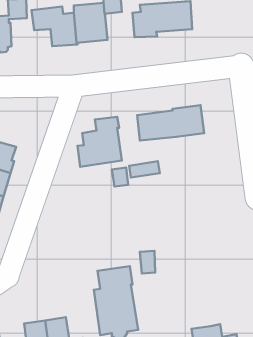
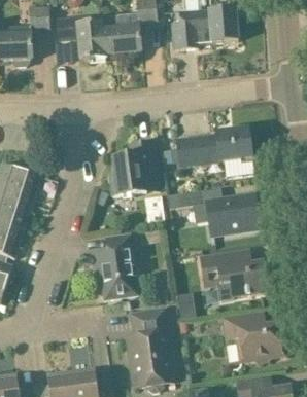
building: none -> [202,191,260,238]
building: none -> [96,231,136,299]
building: none -> [199,253,266,301]
building: none -> [221,313,284,362]

